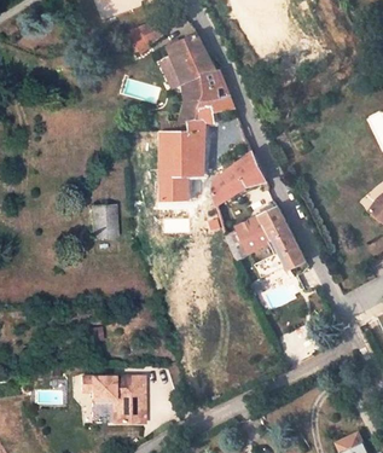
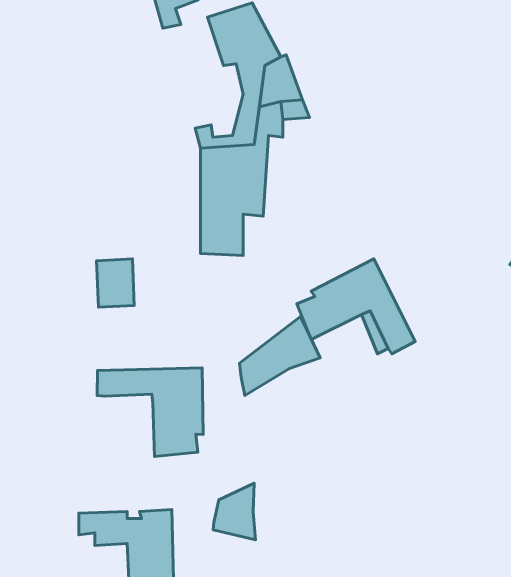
building: [213,152,267,205] -> [240,317,320,395]
building: none -> [97,368,203,456]
building: none -> [213,483,255,540]

